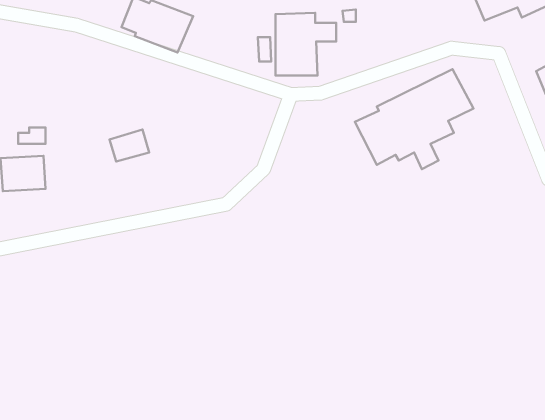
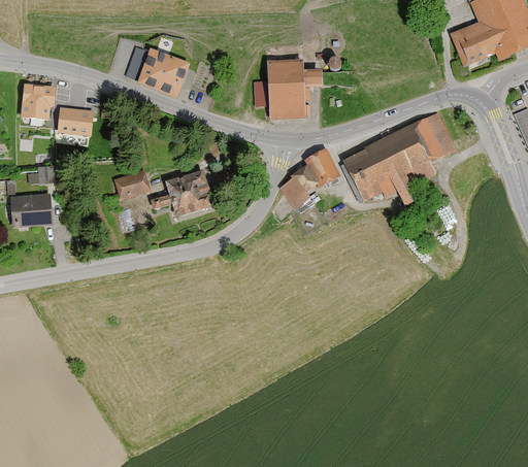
building: none -> [21,82,51,121]
building: none -> [58,107,91,135]
building: none -> [278,147,342,209]
building: none -> [152,169,214,214]

